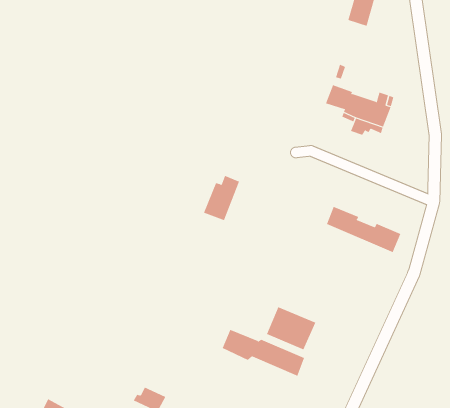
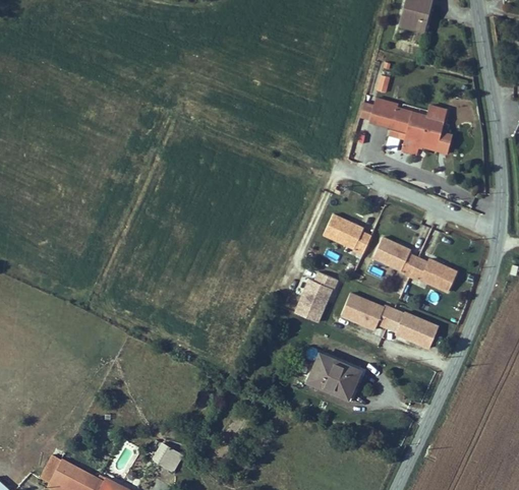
building: [203,175,240,221] -> [291,271,333,323]
building: none -> [325,215,370,251]
building: [222,329,305,377] -> [341,293,436,347]

